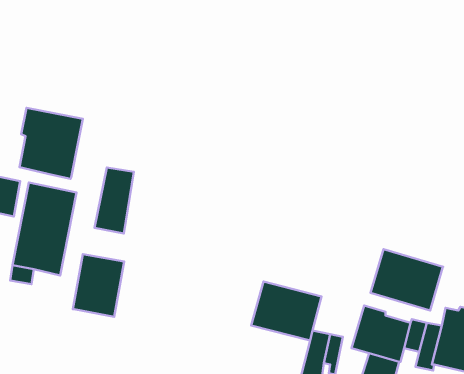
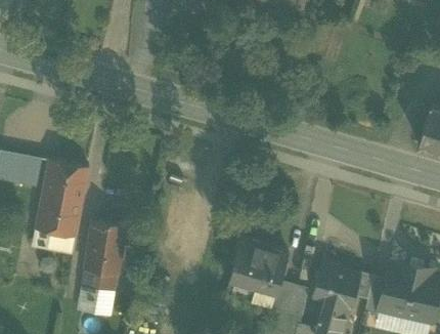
building: [20,108,83,179] -> none
building: [95,167,134,234] -> none
building: [371,249,443,311] -> none
building: none -> [82,264,119,289]

